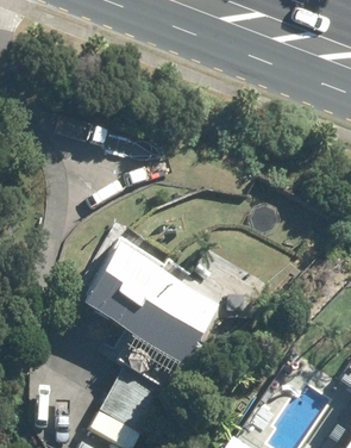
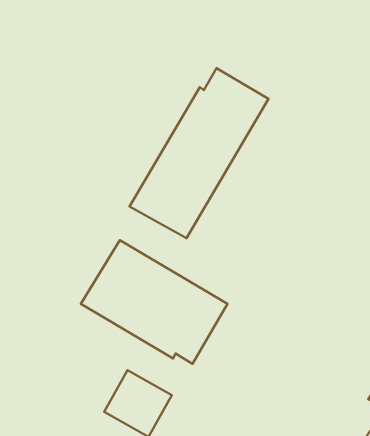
building: none -> [130,68,269,238]

